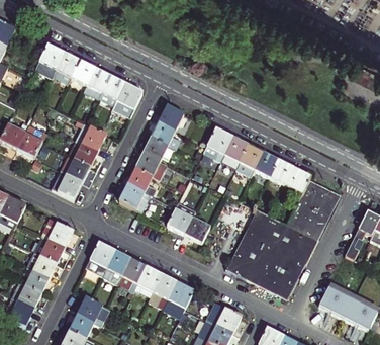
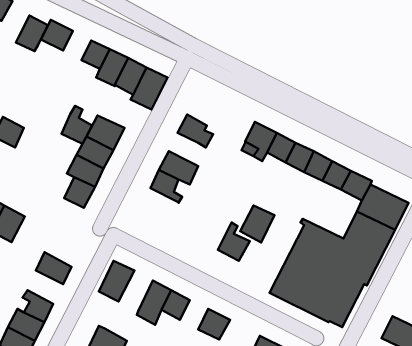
building: [54,53,80,82] -> [16,15,48,51]
building: [159,104,184,132] -> none
building: [17,125,42,157] -> [62,106,92,144]
building: [144,137,172,163] -> none
building: [119,182,151,210] -> none
building: [167,202,195,233] -> [240,205,275,242]
building: [41,218,73,247] -> none
building: [26,250,57,277] -> none
building: [102,250,130,283] -> none
building: [149,274,176,307] -> none

